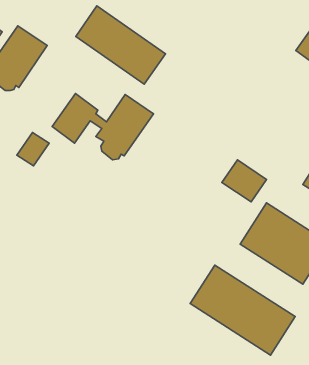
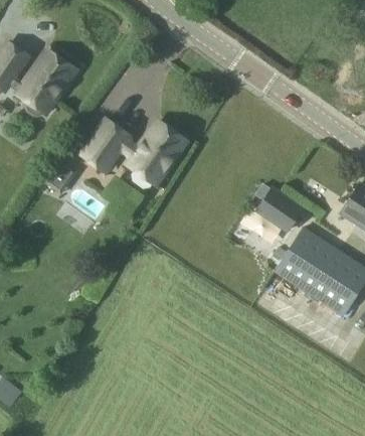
building: [76,6,165,84] -> none
building: [190,265,295,355] -> none

